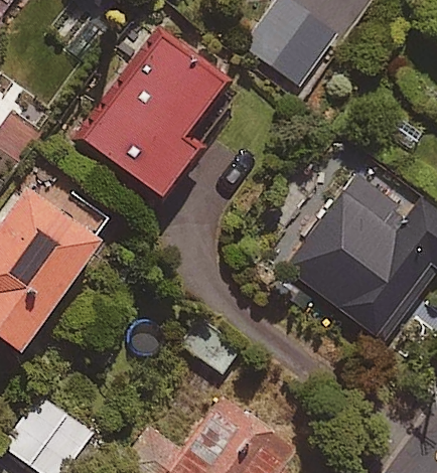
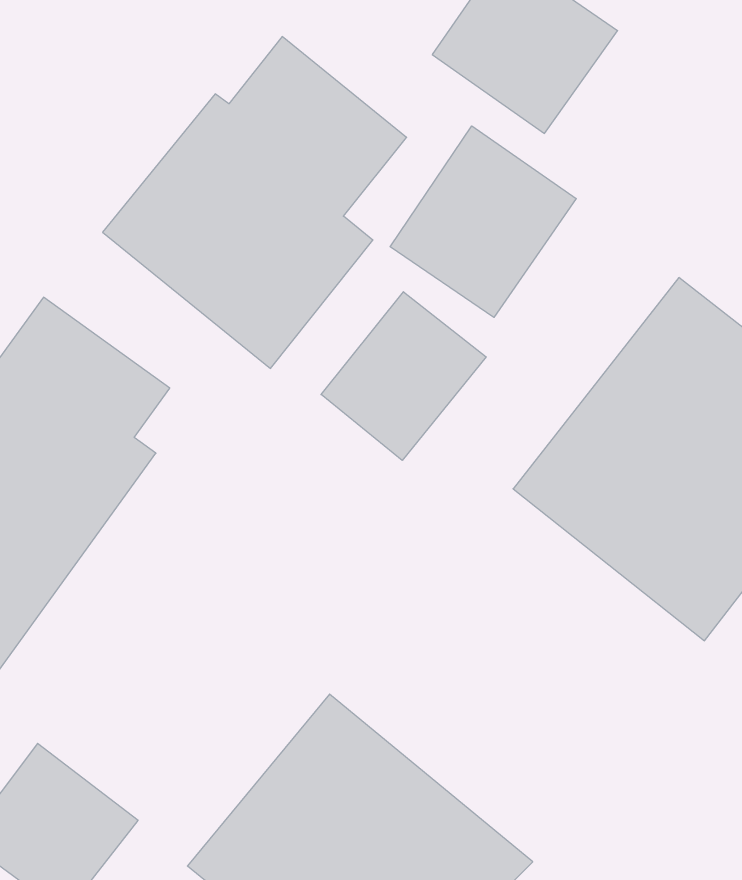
building: none -> [390,126,576,317]
building: none -> [321,292,486,460]

